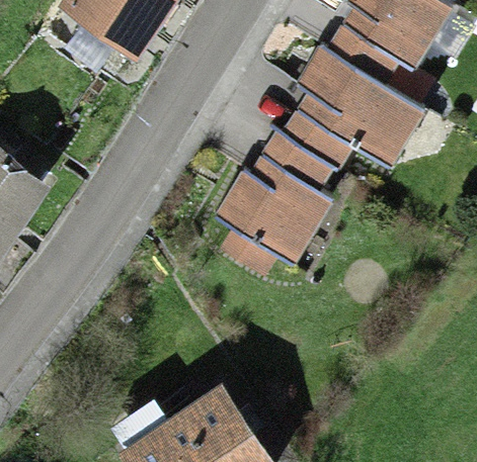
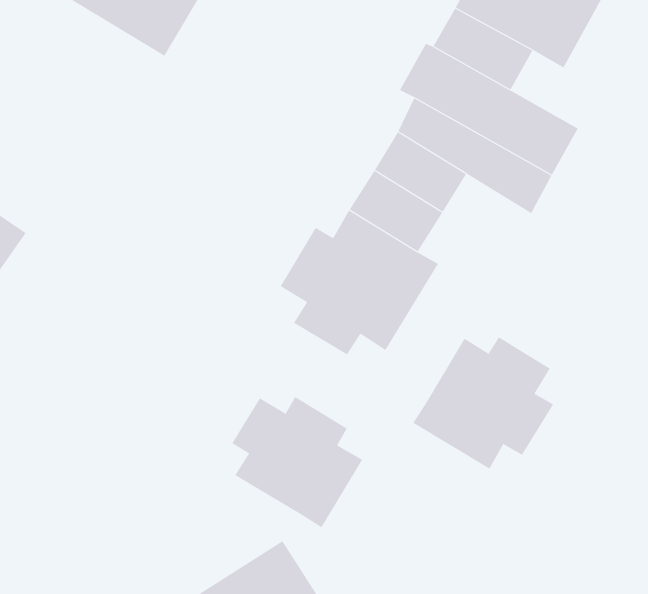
building: none -> [413,336,554,469]
building: none -> [232,396,363,528]

